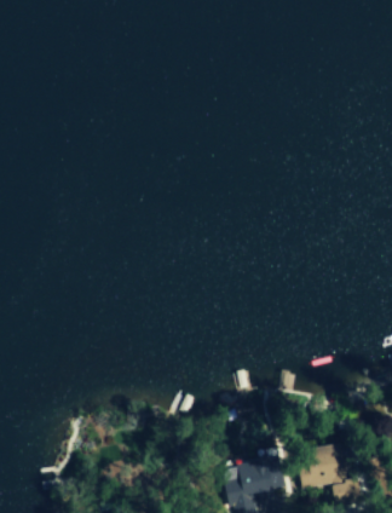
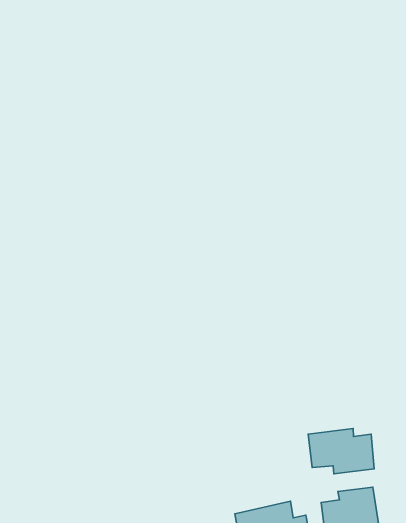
building: none -> [308,428,374,474]

